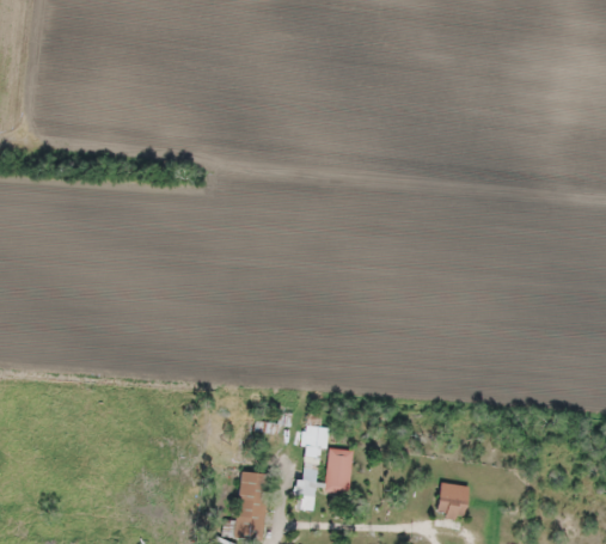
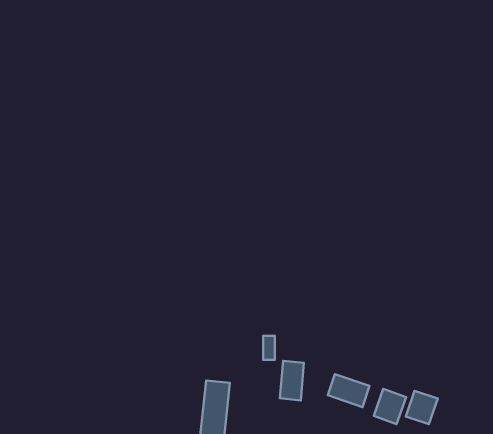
building: none -> [328,374,369,407]
building: none -> [406,391,438,424]

